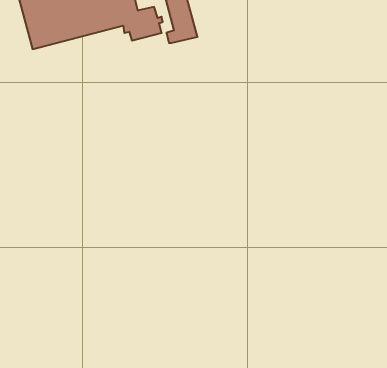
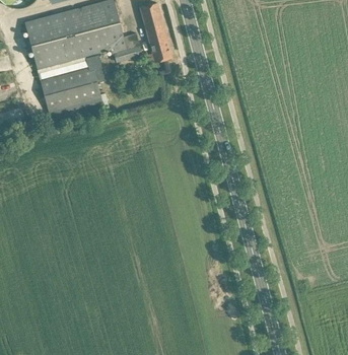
building: none -> [40,53,106,116]

